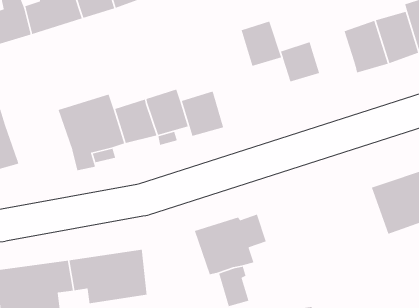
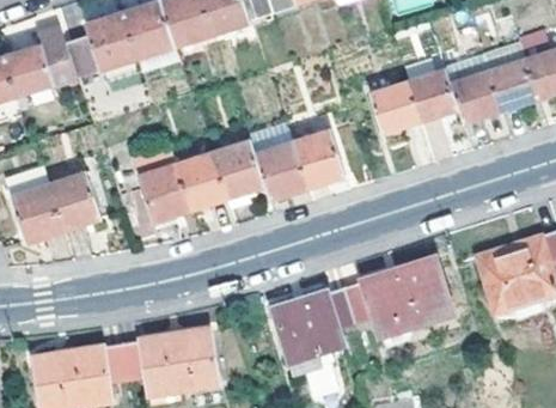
building: [241,21,282,67] -> [294,130,343,185]
building: none -> [409,71,460,121]
building: none -> [49,171,100,229]
building: none -> [347,257,452,335]

